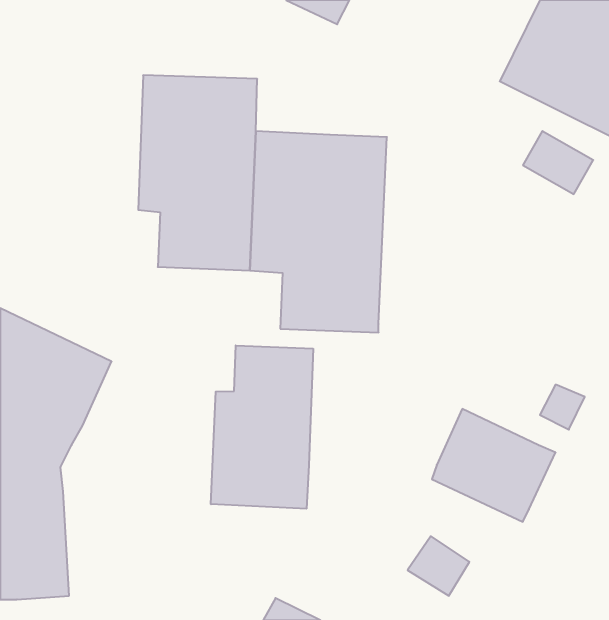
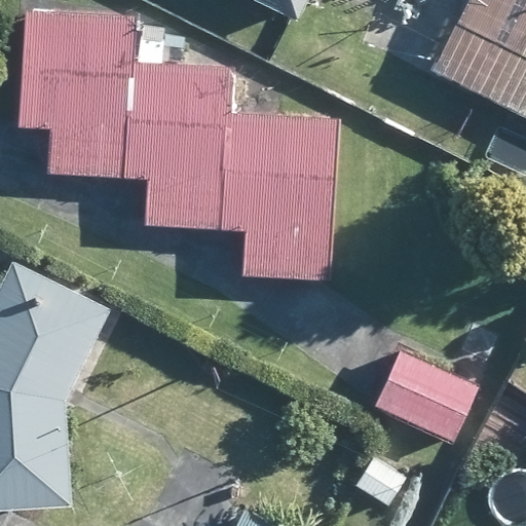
building: none -> [17,10,133,178]
building: [211,345,313,509] -> none

